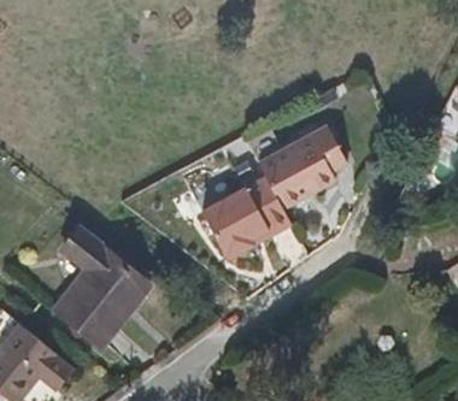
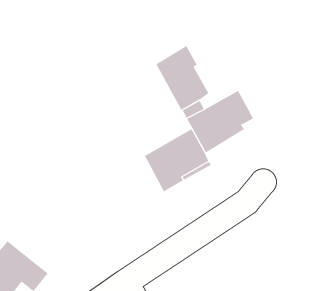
building: none -> [155,45,209,111]
building: [55,228,153,348] -> none

